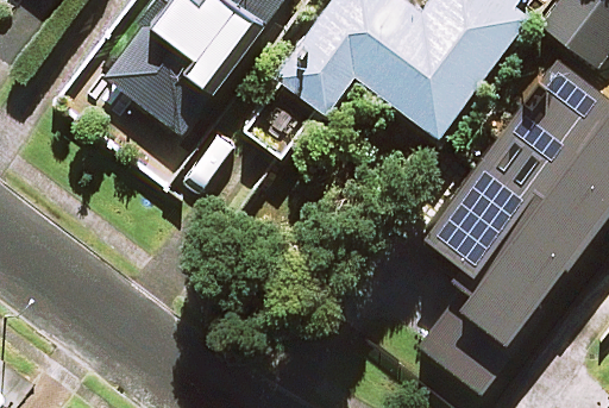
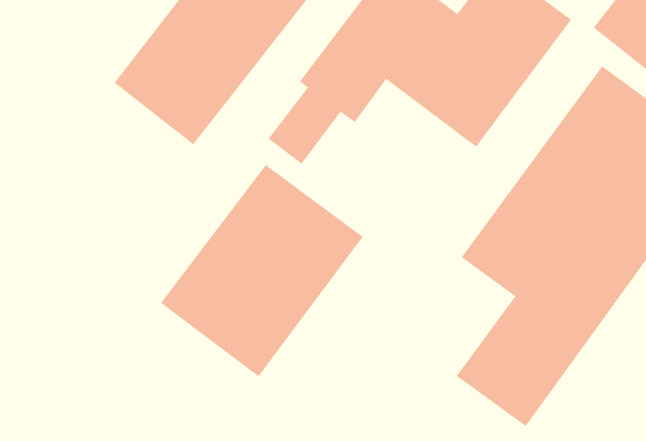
building: none -> [160,164,364,377]

